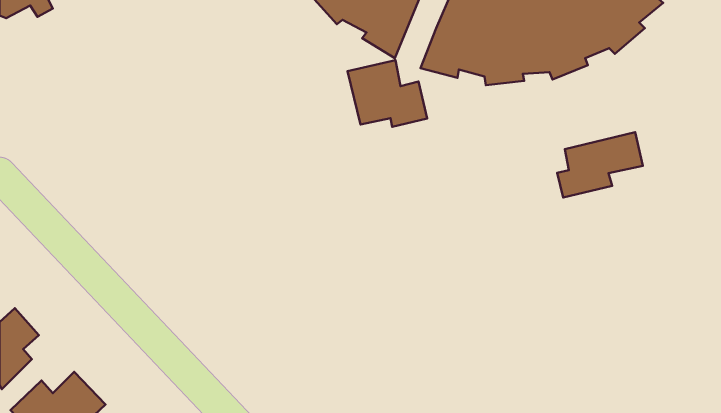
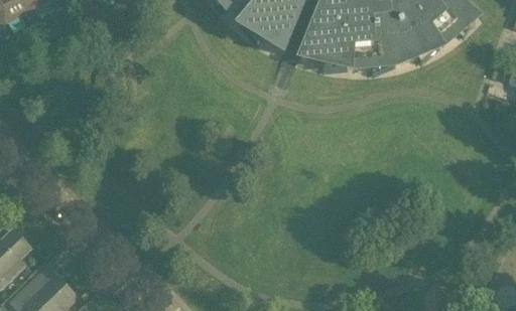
building: [348,60,427,127] -> none
building: [557,132,643,197] -> none

